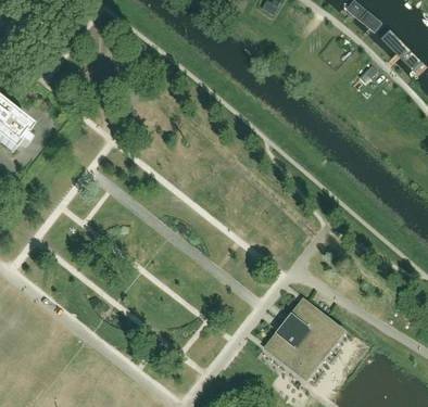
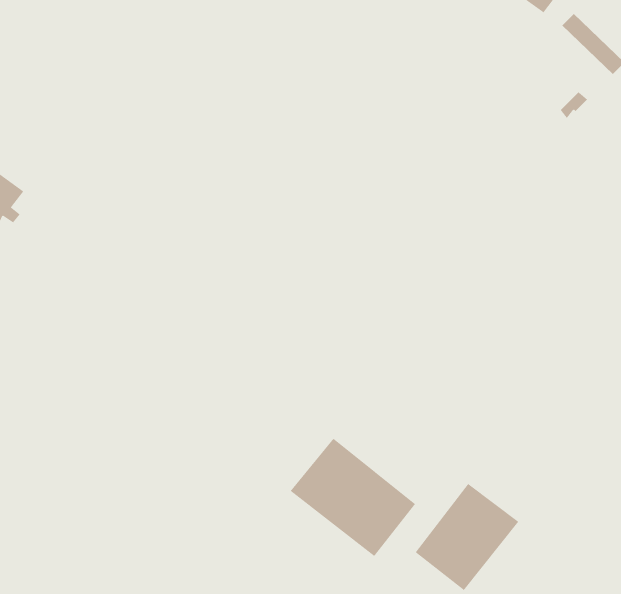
building: none -> [290,438,416,557]

